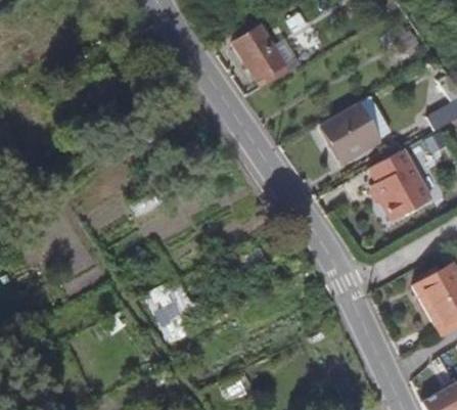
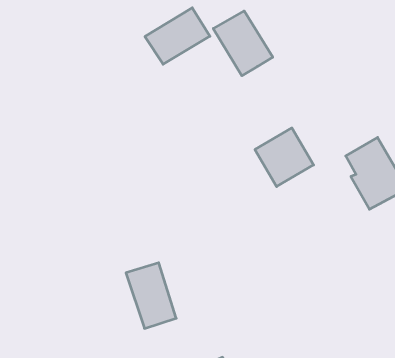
building: none -> [145,8,210,64]
building: [320,103,378,162] -> [255,128,314,187]

